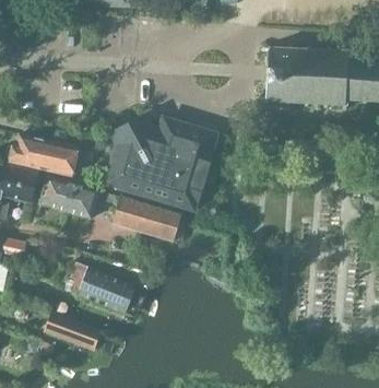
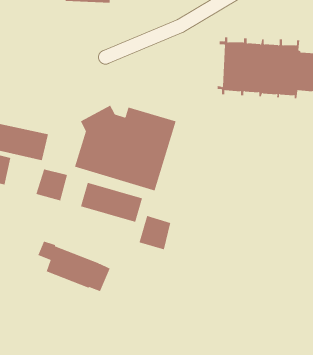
building: [37,176,72,211] -> none
building: none -> [139,215,171,250]
building: [43,313,99,350] -> none

